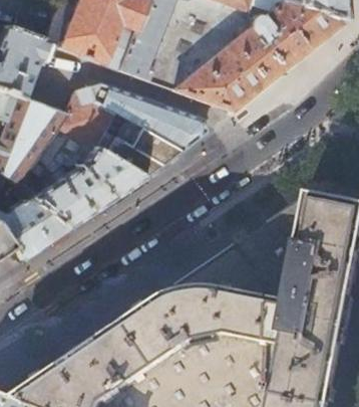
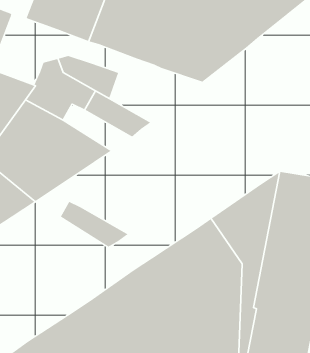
building: [139,101,205,151] -> none
building: [93,133,161,179] -> [60,201,129,248]

